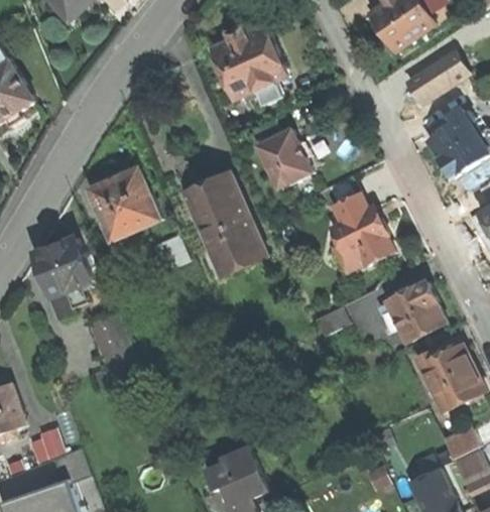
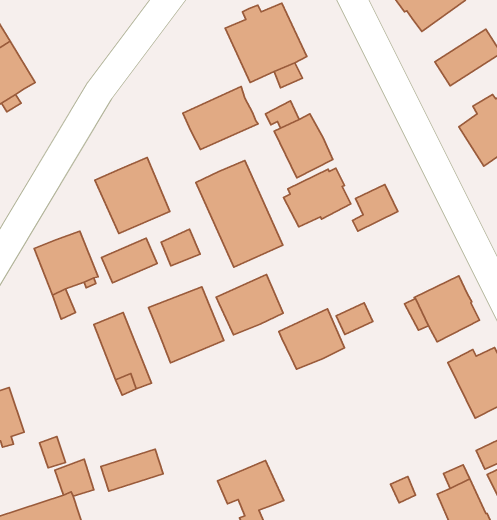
building: none -> [183,87,258,150]
building: [331,219,393,273] -> [284,168,351,227]
building: none -> [101,238,157,283]
building: none -> [216,274,283,335]
building: none -> [149,287,224,363]
building: none -> [279,309,344,369]
building: none -> [101,449,163,491]

